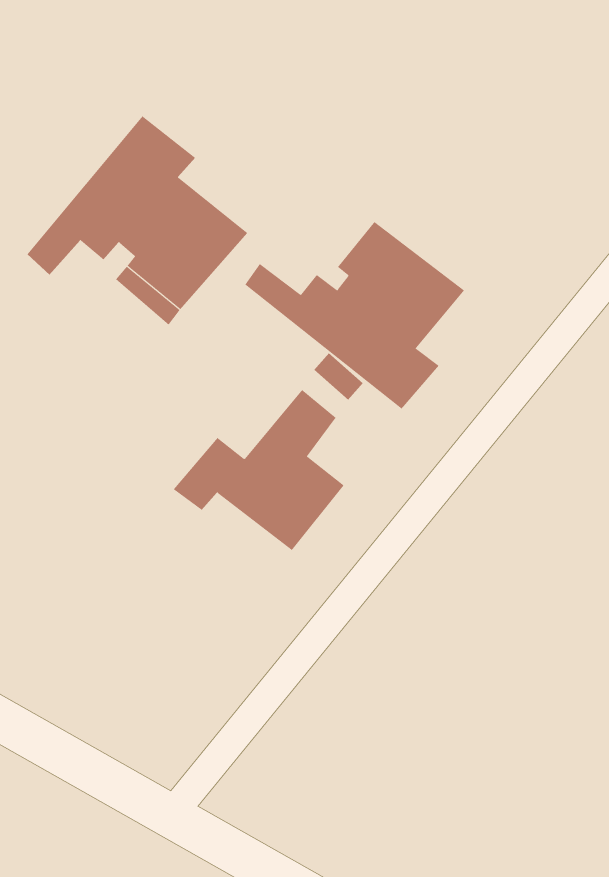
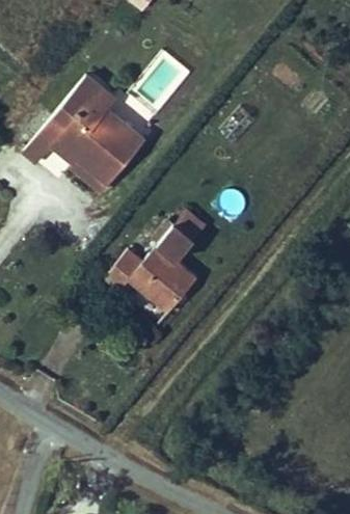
building: [244,221,465,410] -> none

